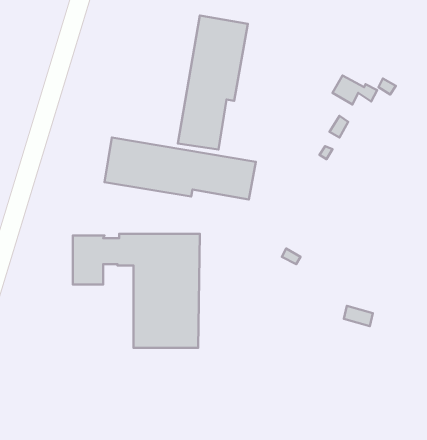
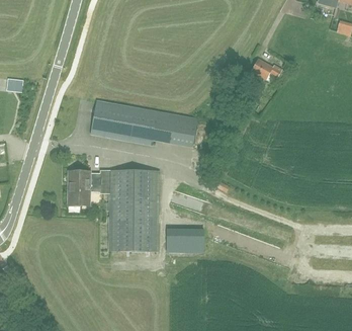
building: [178,15,248,150] -> none
building: none -> [167,227,203,250]

